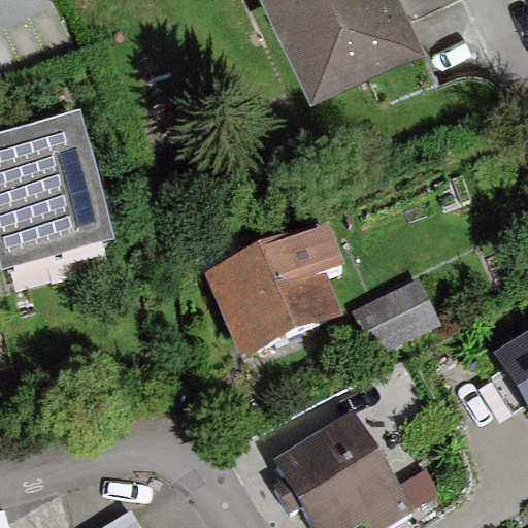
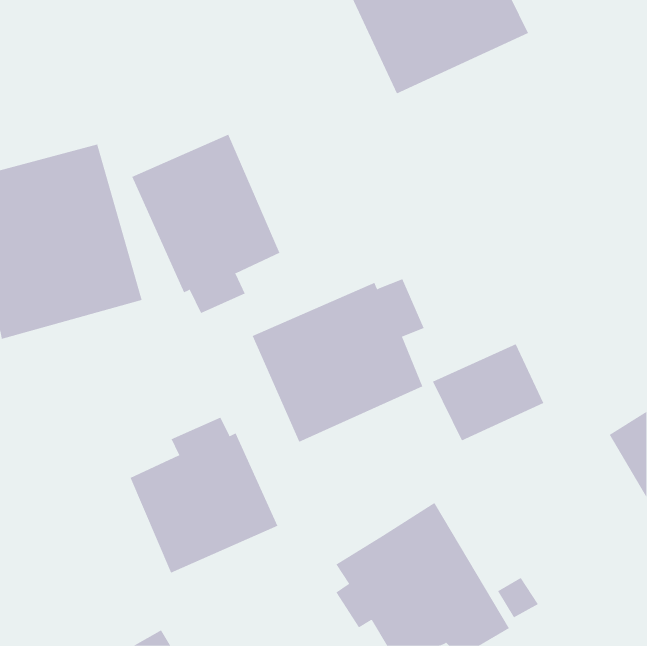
building: none -> [132,134,280,314]
building: none -> [130,417,278,573]

